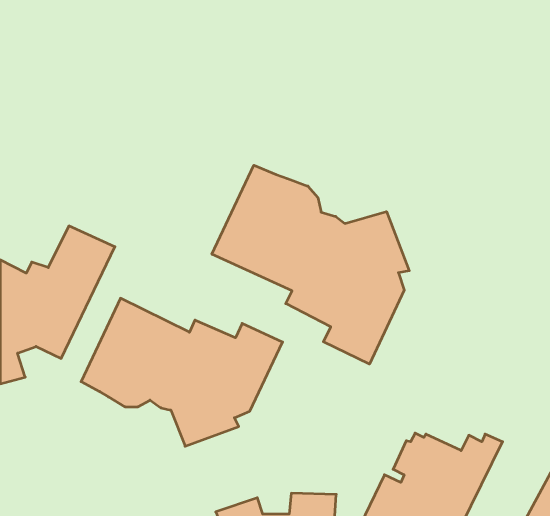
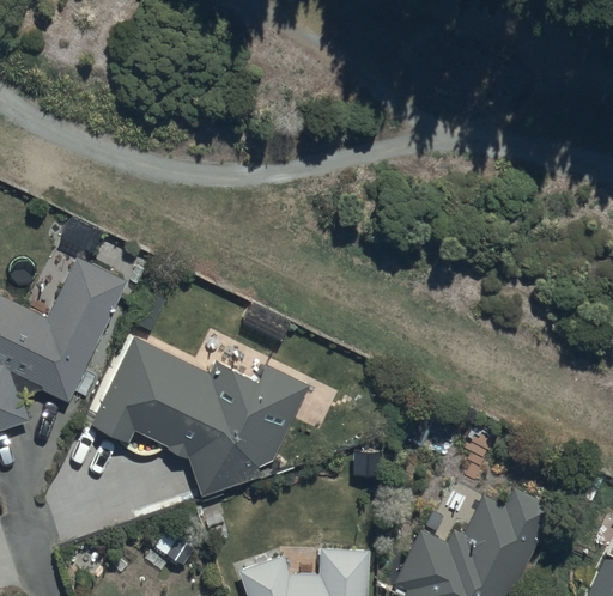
building: [212,165,409,364] -> none

